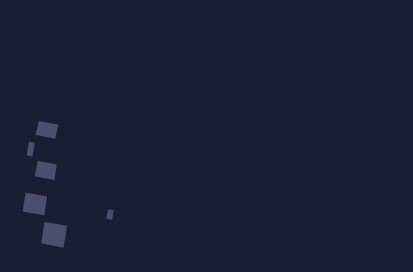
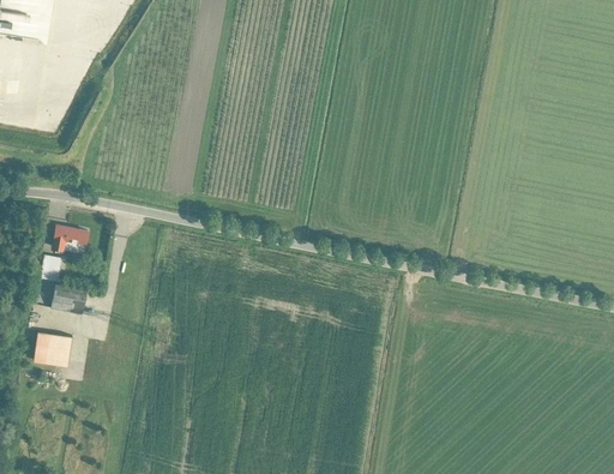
building: [41,221,67,248] -> none

